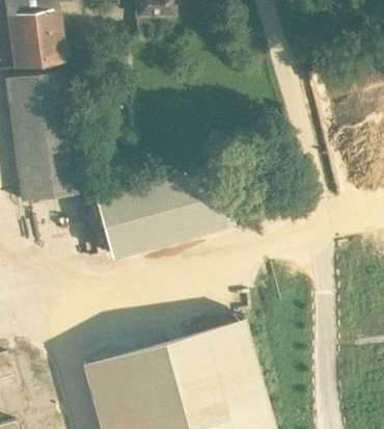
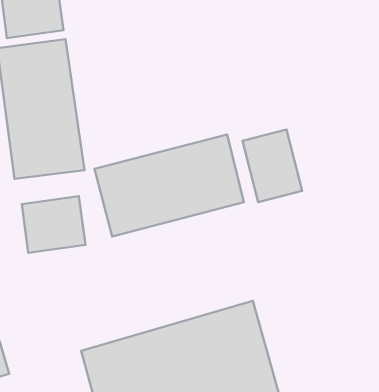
building: none -> [242,130,302,202]
building: none -> [22,196,85,253]

